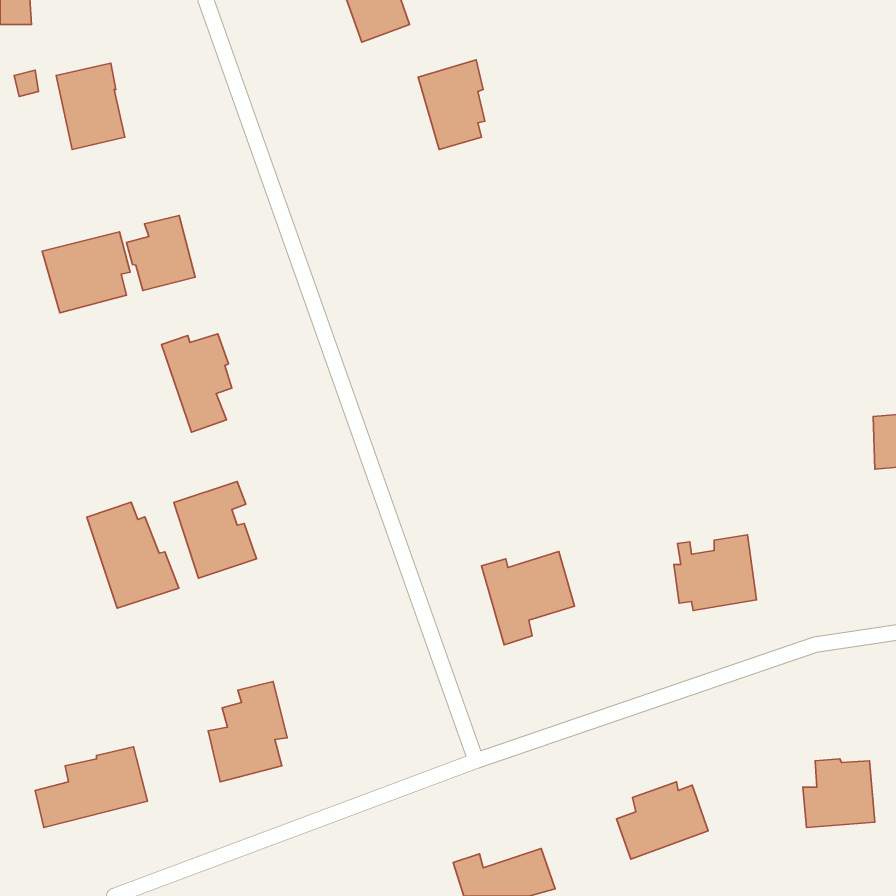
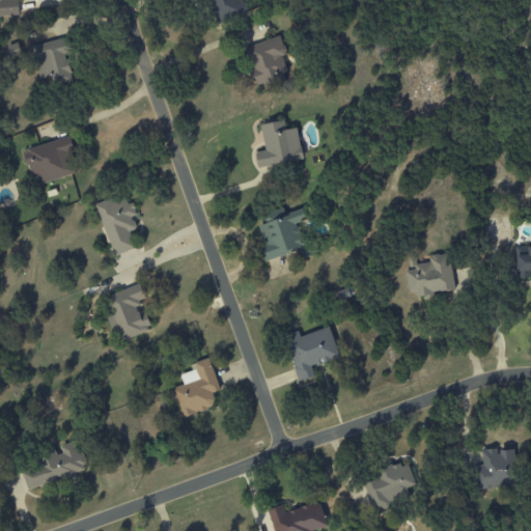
building: none -> [256,120,304,168]
building: [126,215,195,290] -> none
building: none -> [259,209,307,259]
building: [87,502,179,608] -> none
building: [674,535,756,610] -> [407,252,455,297]
building: [208,682,287,782] -> [173,358,220,417]

